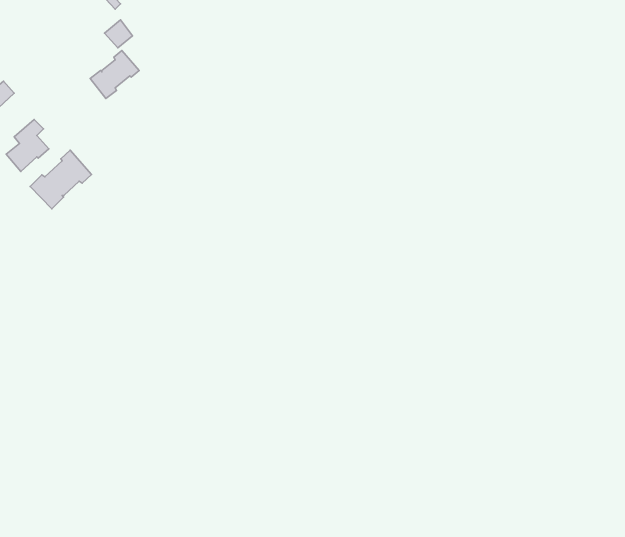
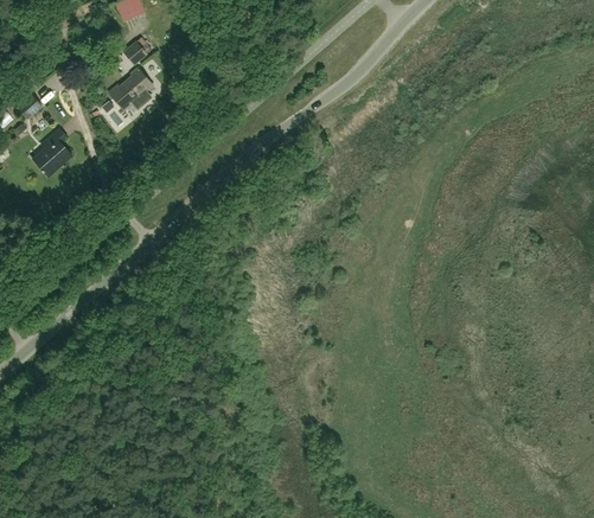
building: [30,150,92,209] -> none

